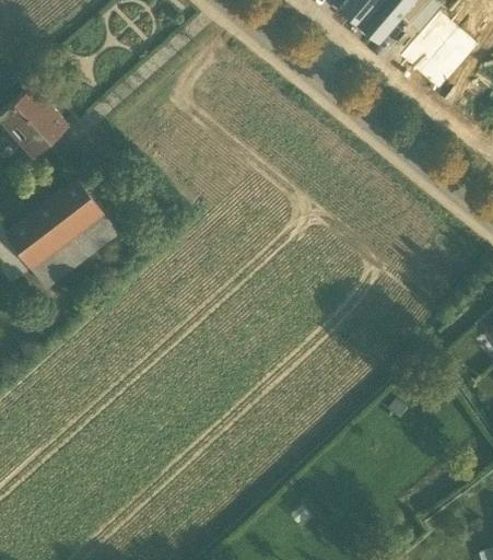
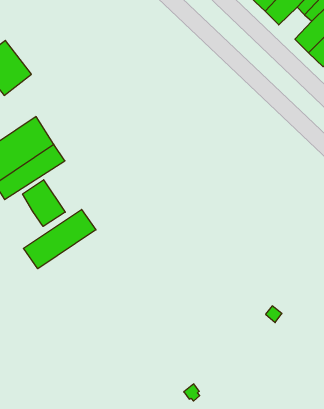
building: none -> [23,180,65,226]
building: none -> [23,209,96,269]

